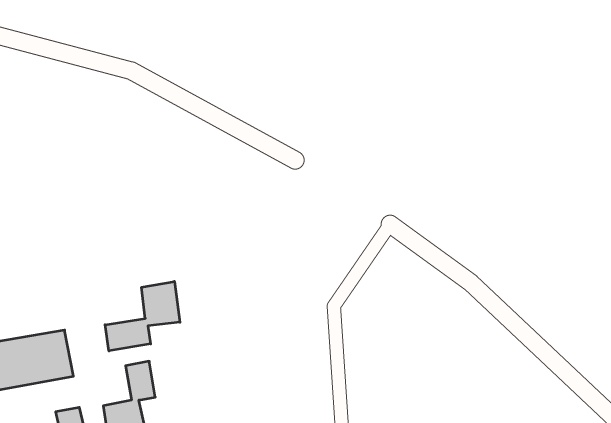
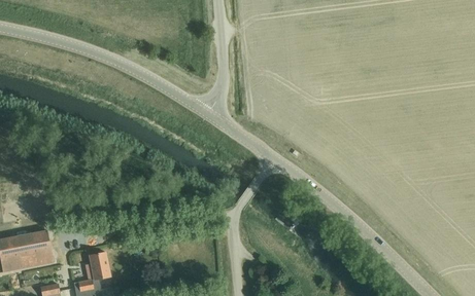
building: [105,281,180,351] -> none

